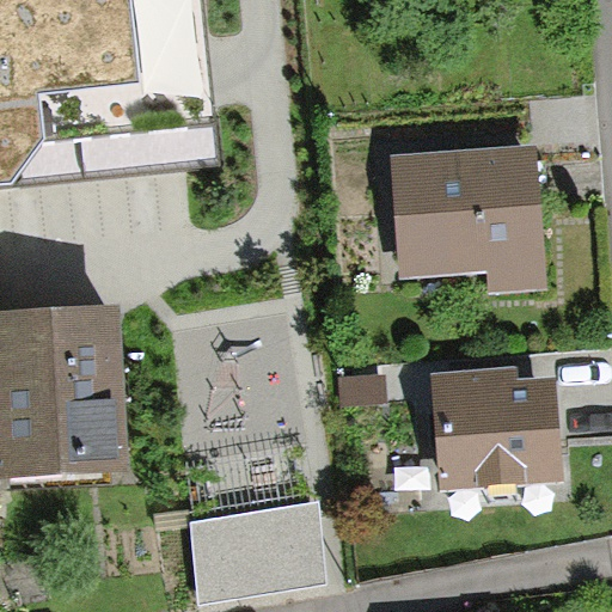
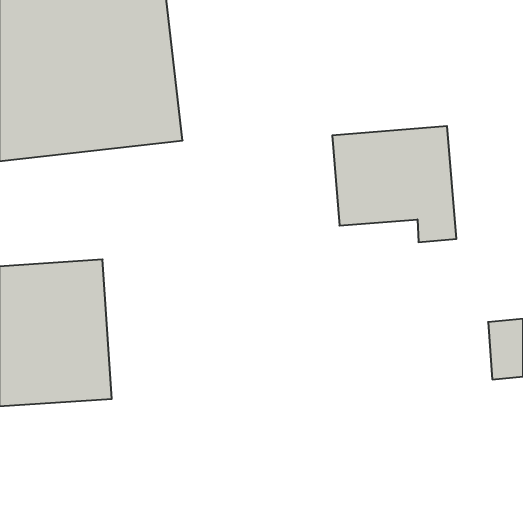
building: [433,375,545,488] -> none
building: [192,498,323,602] -> none

